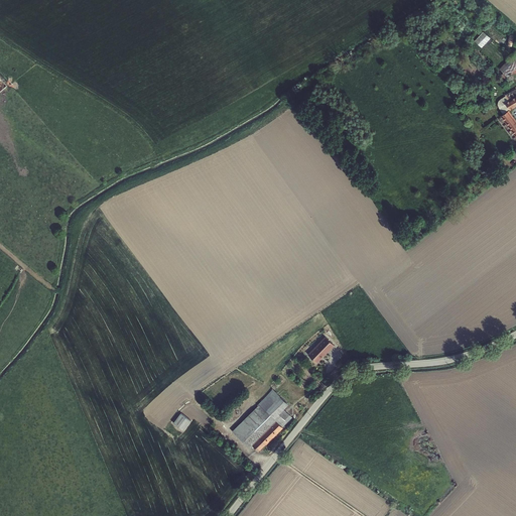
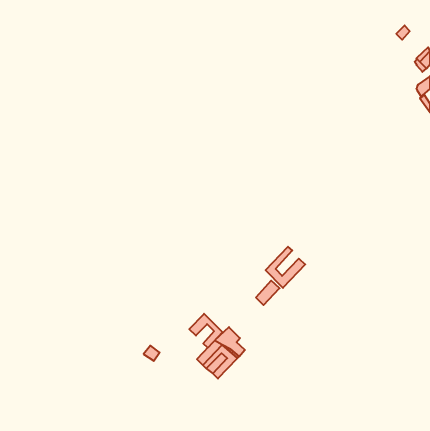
building: none -> [266,247,305,288]
building: none -> [189,314,223,348]

